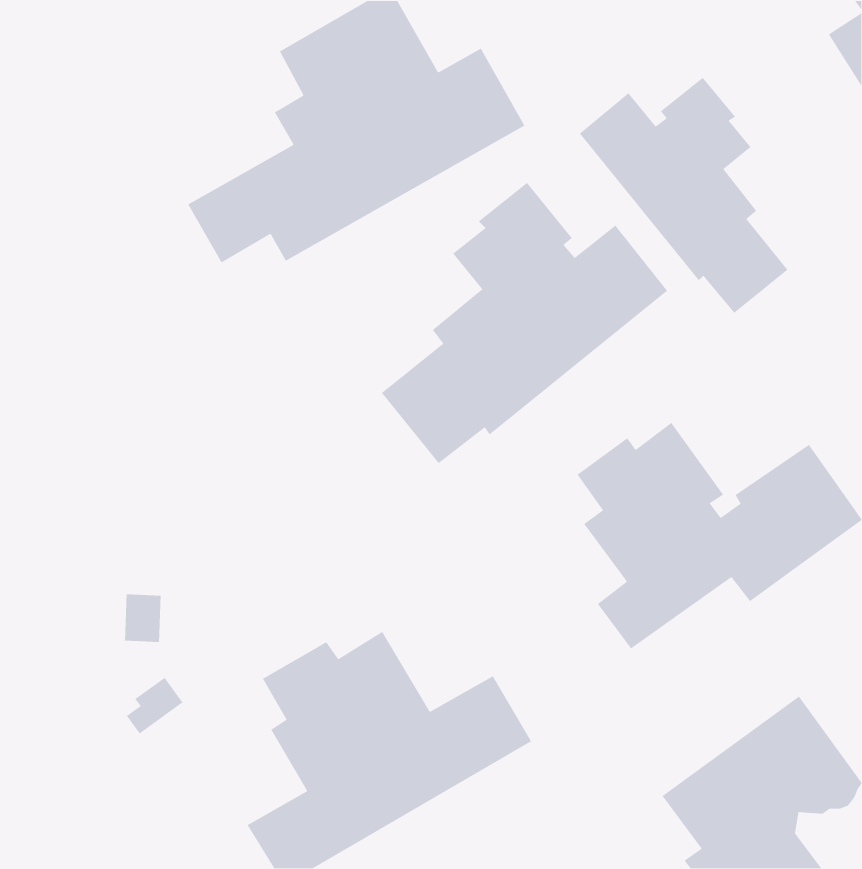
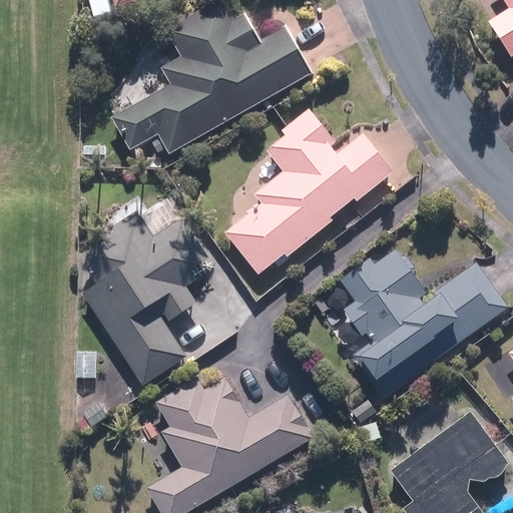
building: [579,77,789,314] -> none
building: none -> [77,210,198,386]

